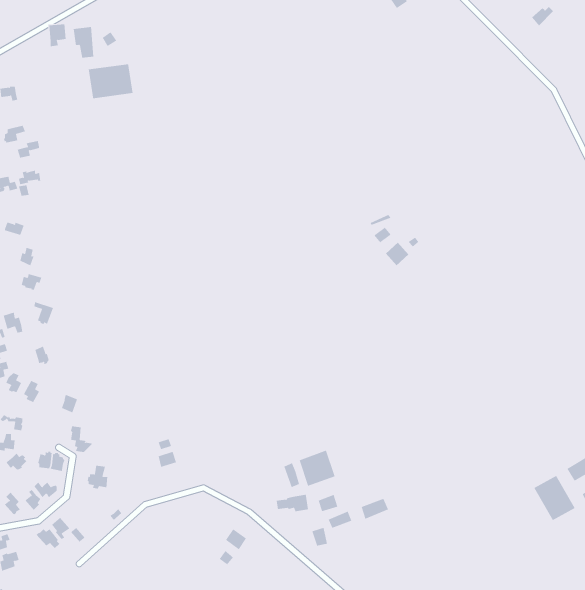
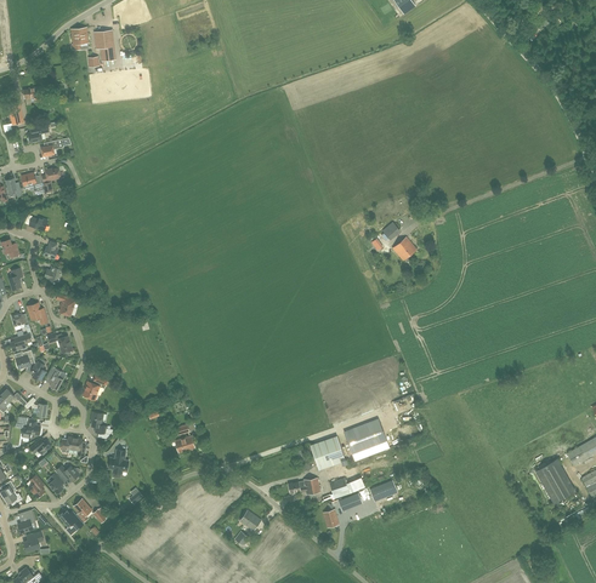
building: [88,64,133,99] -> none
building: none -> [342,419,388,461]

